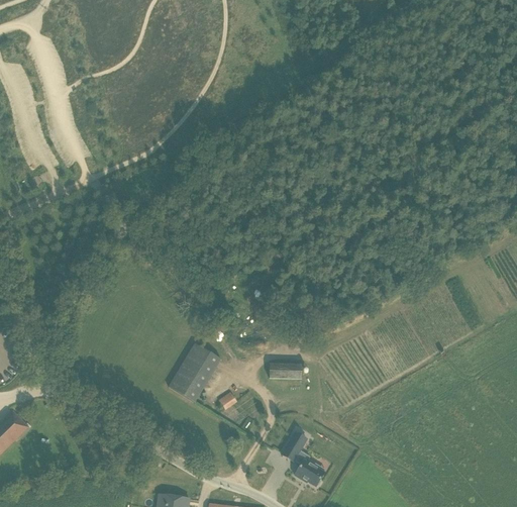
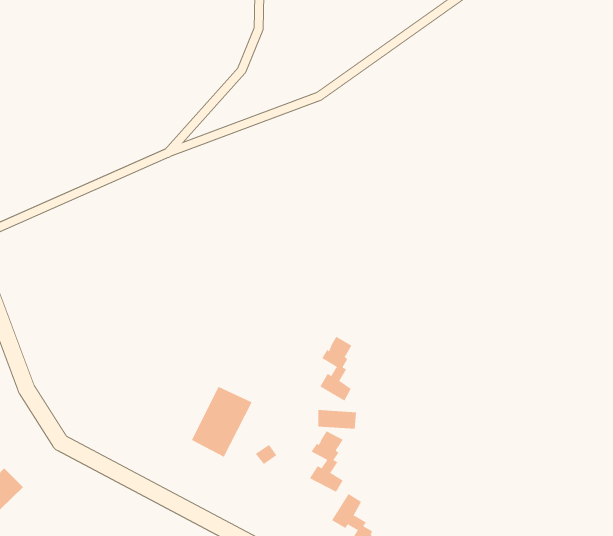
building: none -> [320,336,352,402]
building: none -> [309,431,344,492]

